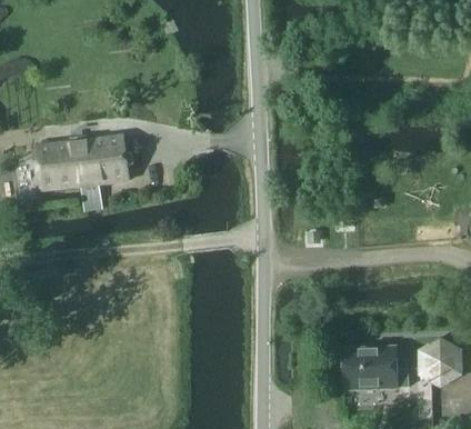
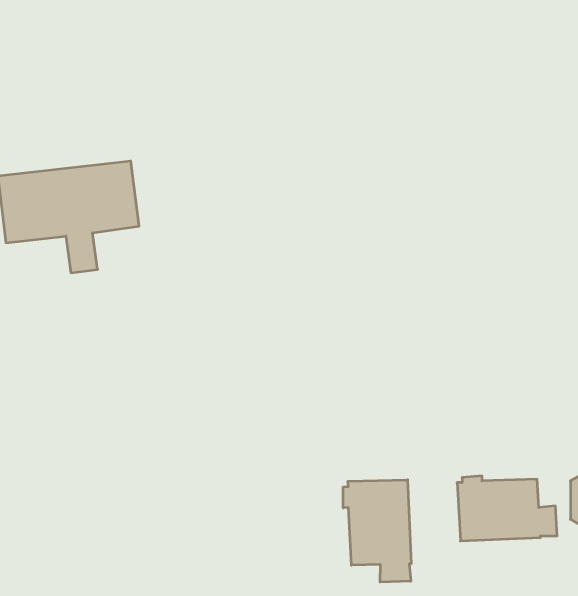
building: none -> [343,480,411,582]

